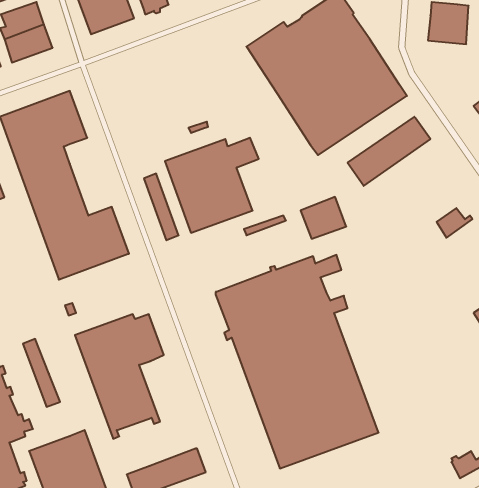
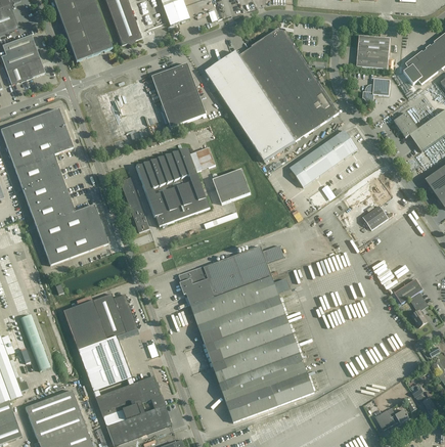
building: none -> [153,64,207,126]
building: none -> [362,77,391,102]
building: [301,197,346,239] -> [213,168,251,203]
building: none -> [95,374,166,426]

